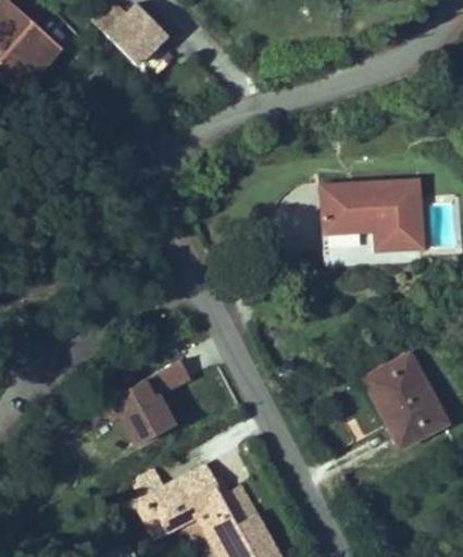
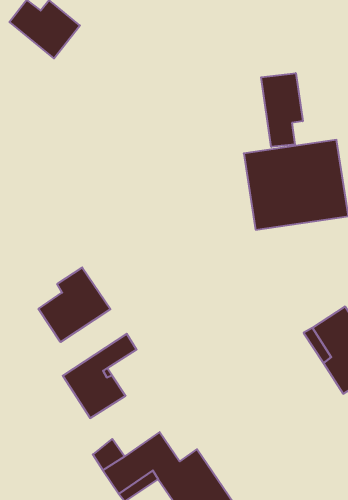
building: none -> [261,73,303,147]
building: none -> [39,267,110,342]

